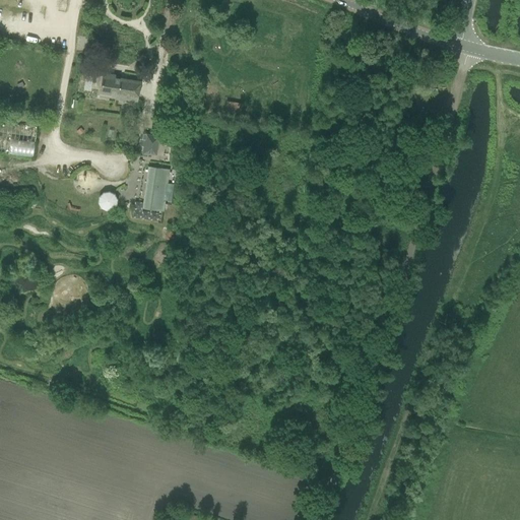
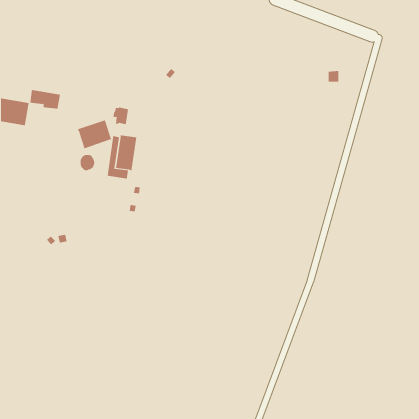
building: [103,75,141,100] -> [30,90,61,109]
building: none -> [77,119,112,149]

